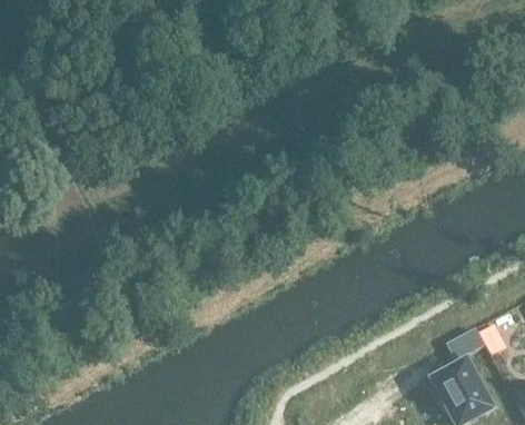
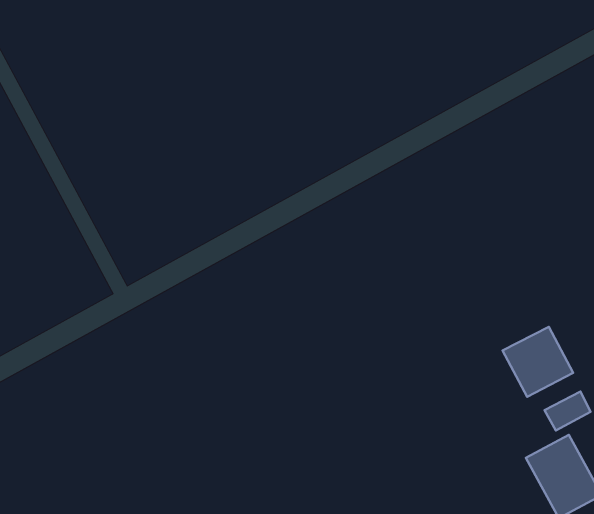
building: none -> [503,327,573,397]

